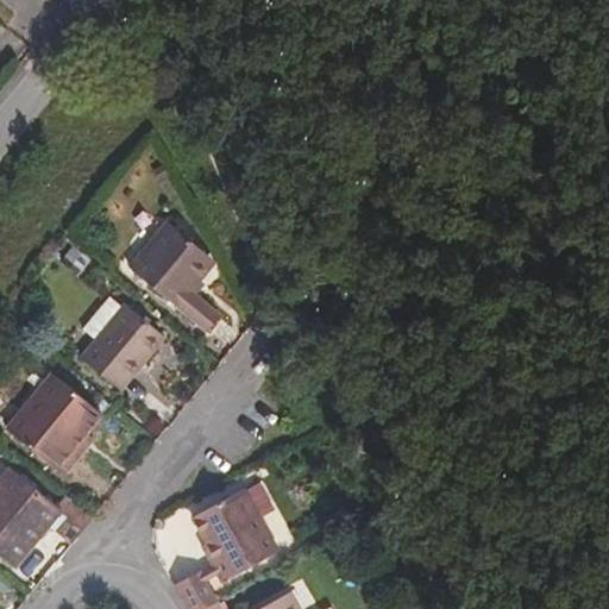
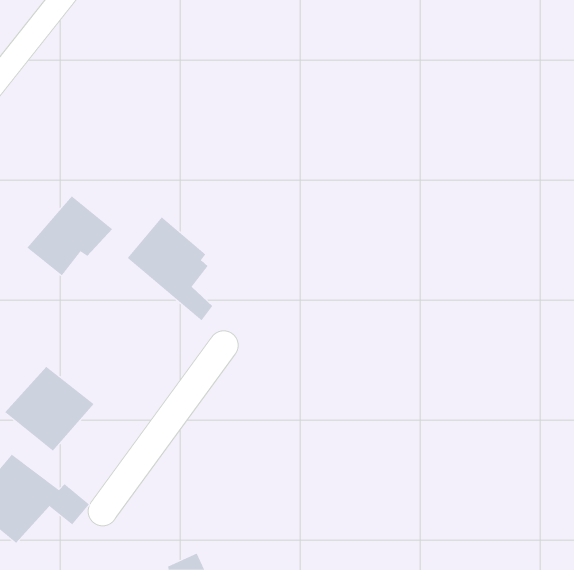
building: [77,307,167,390] -> [27,196,113,276]
building: [192,492,277,583] -> none

